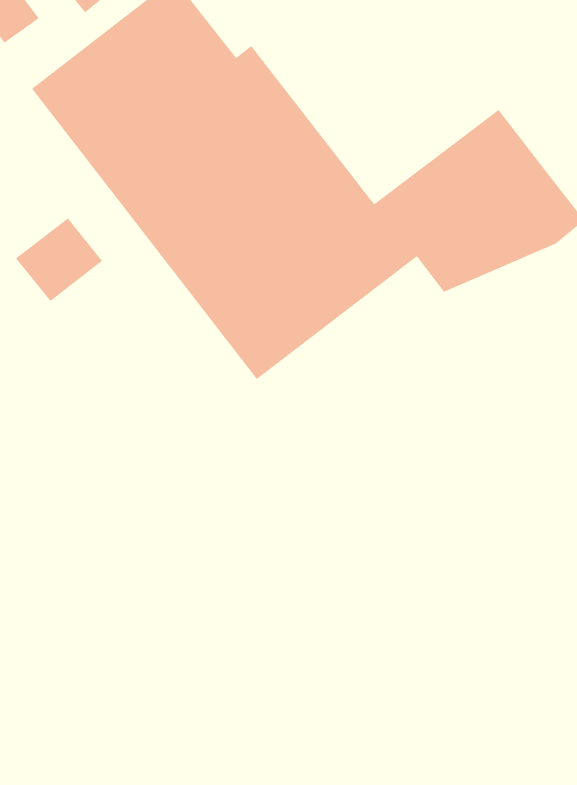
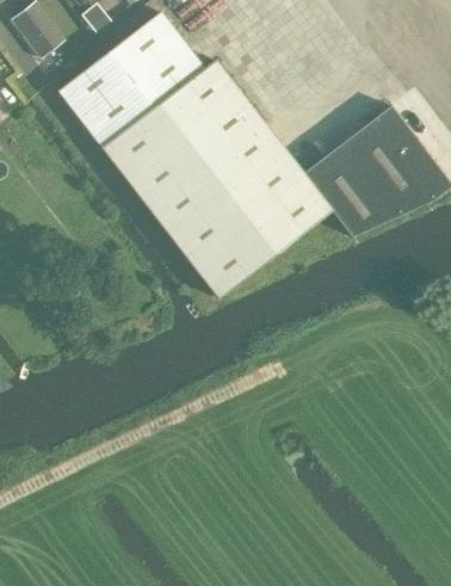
building: [15,217,103,302] -> none

